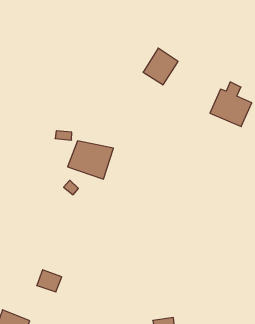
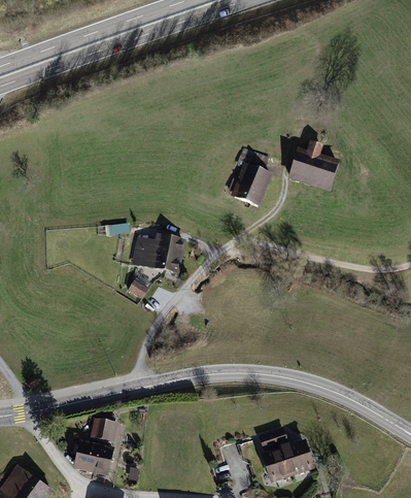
building: [143,48,178,85] -> [232,164,271,206]
building: [37,270,62,292] -> [91,419,118,442]

